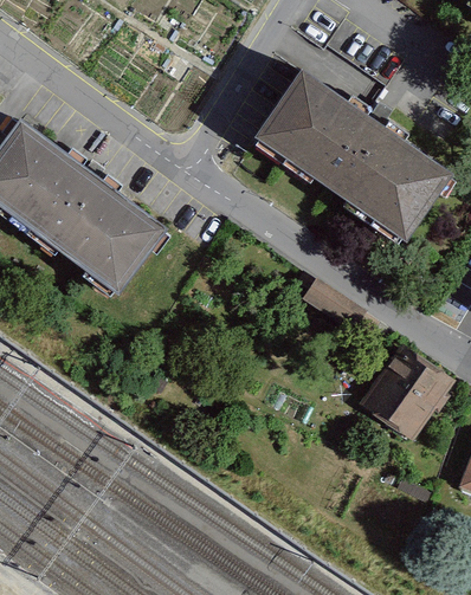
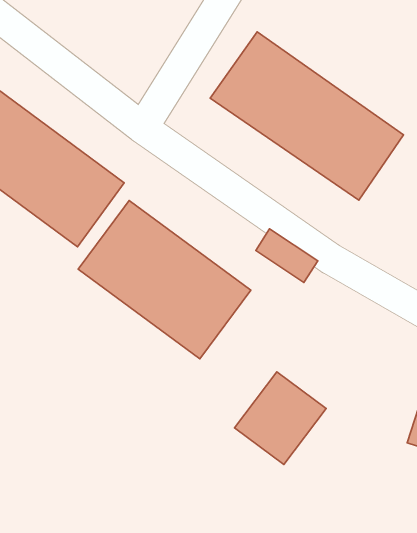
building: none -> [78,201,251,359]
building: [356,341,451,436] -> [235,372,326,465]

